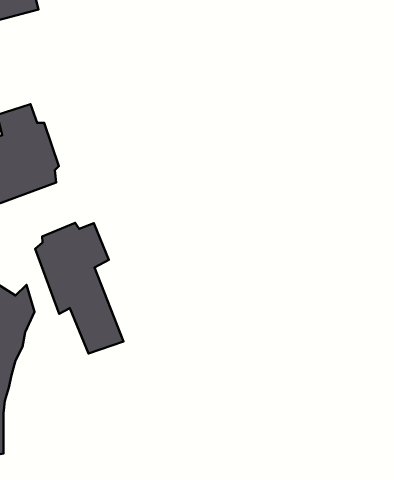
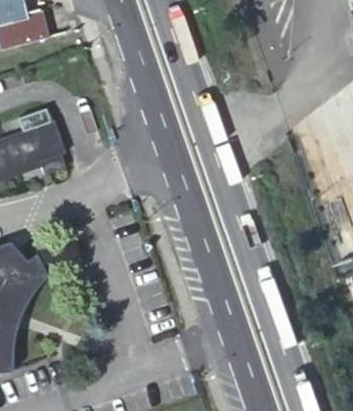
building: [35,223,124,354] -> none

